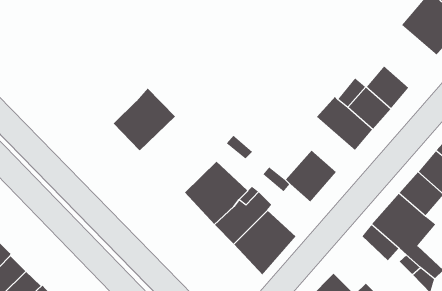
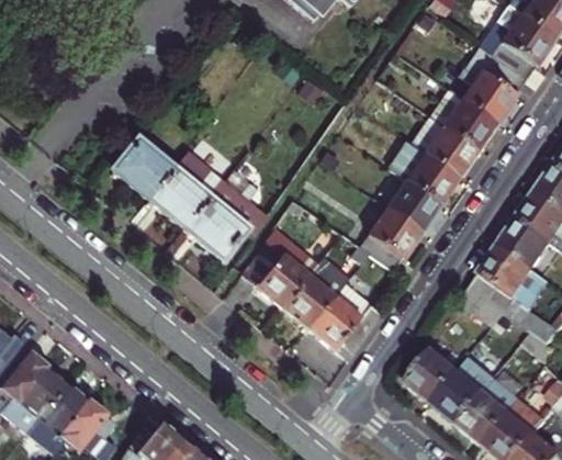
building: none -> [463,46,525,120]
building: none -> [113,141,175,200]
building: none -> [186,183,267,259]
building: none -> [389,178,440,228]

